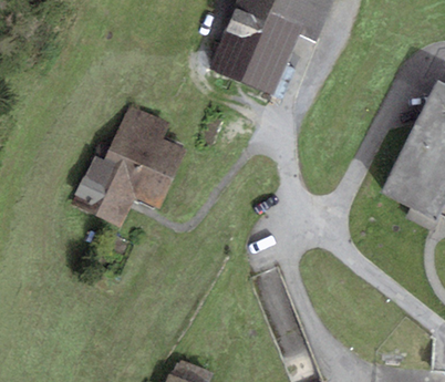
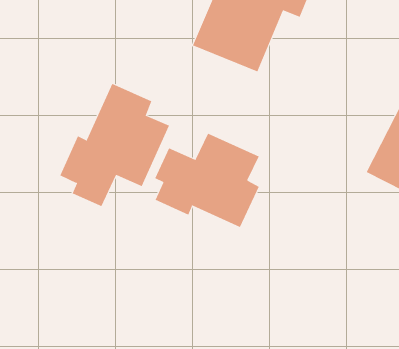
building: none -> [154,133,259,228]

